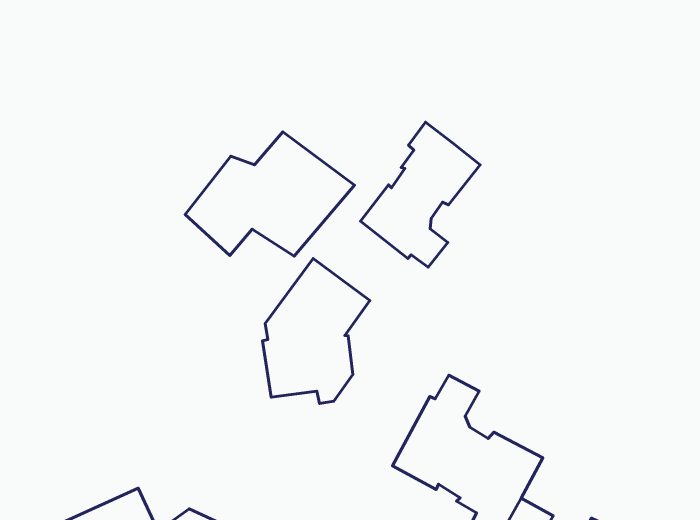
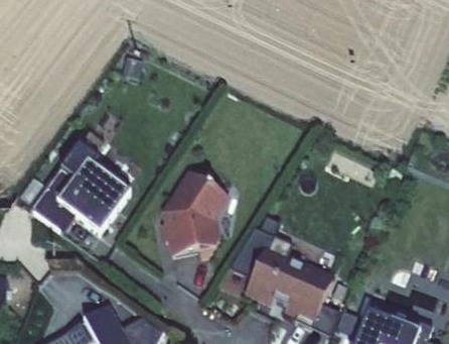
building: [360,122,480,267] -> none
building: [185,132,354,256] -> [27,158,124,232]

